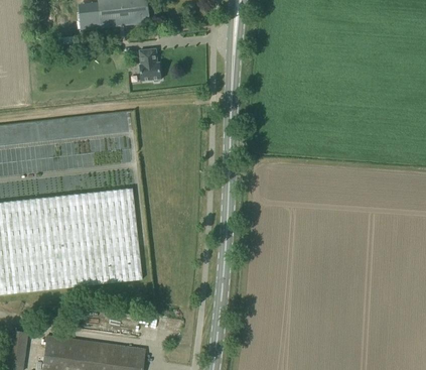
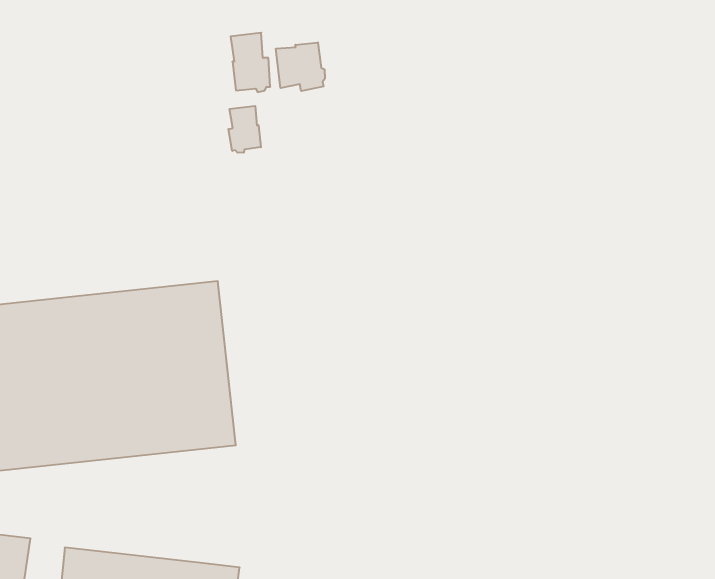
building: none -> [276,42,325,91]
building: none -> [228,106,261,153]

